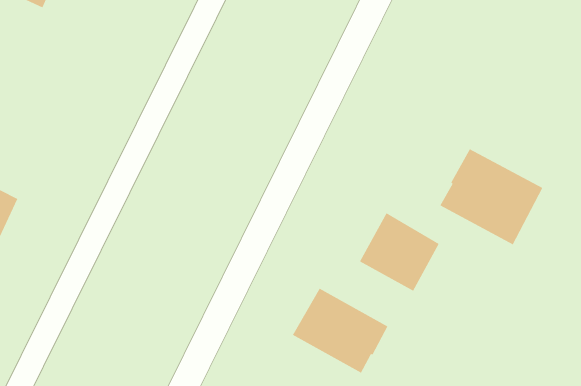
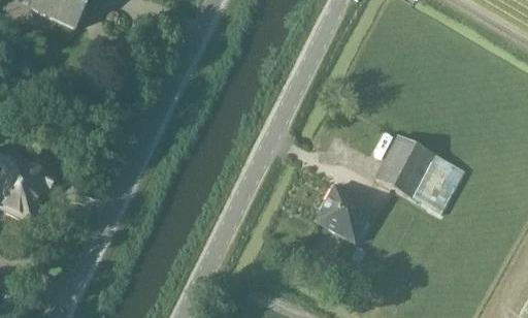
building: [292,288,388,374] -> none

